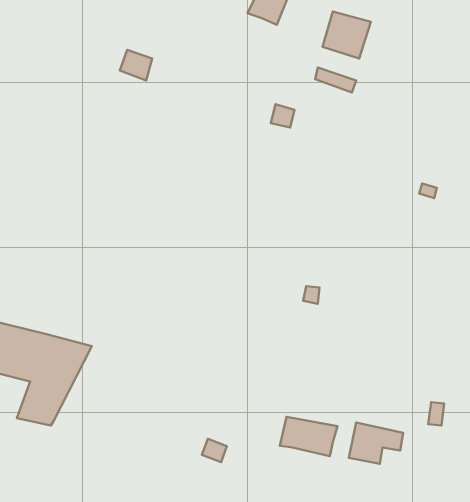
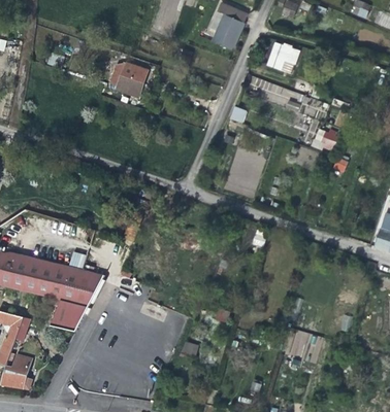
building: none -> [311,126,337,151]
building: [280,417,338,456] -> none

